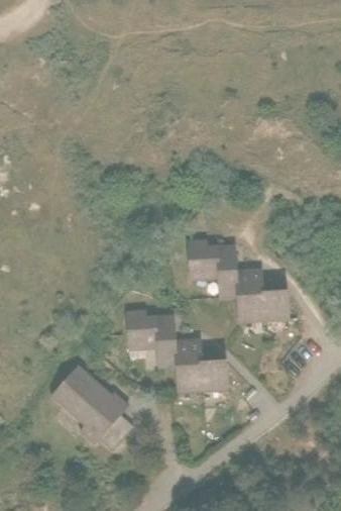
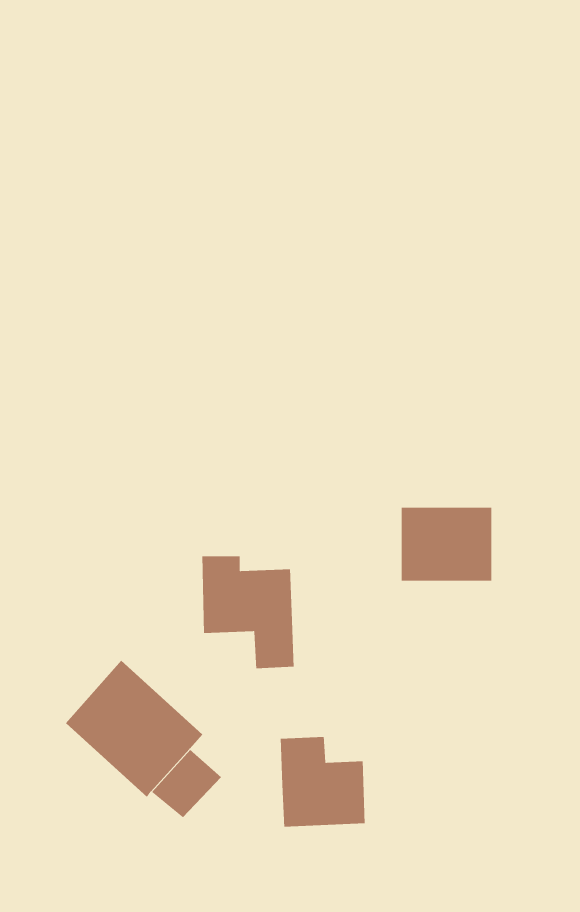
building: [186,238,234,292] -> none
building: [176,341,222,391] -> [280,736,365,828]

